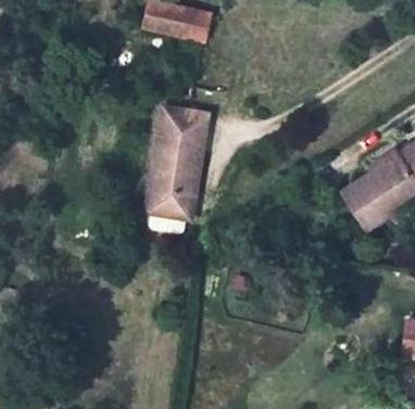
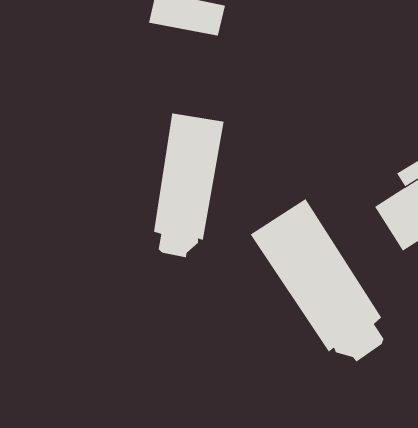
building: none -> [250,198,384,363]

